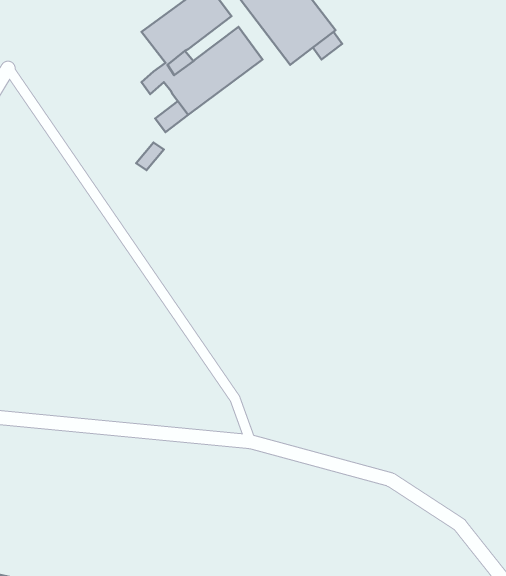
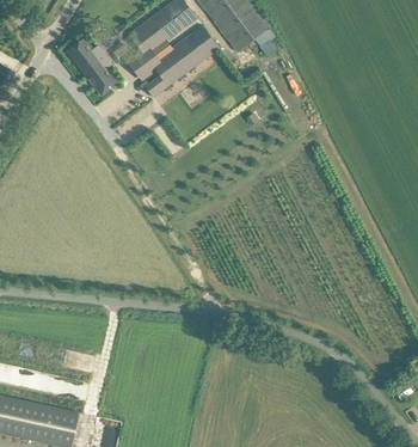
building: none -> [67,37,118,96]

